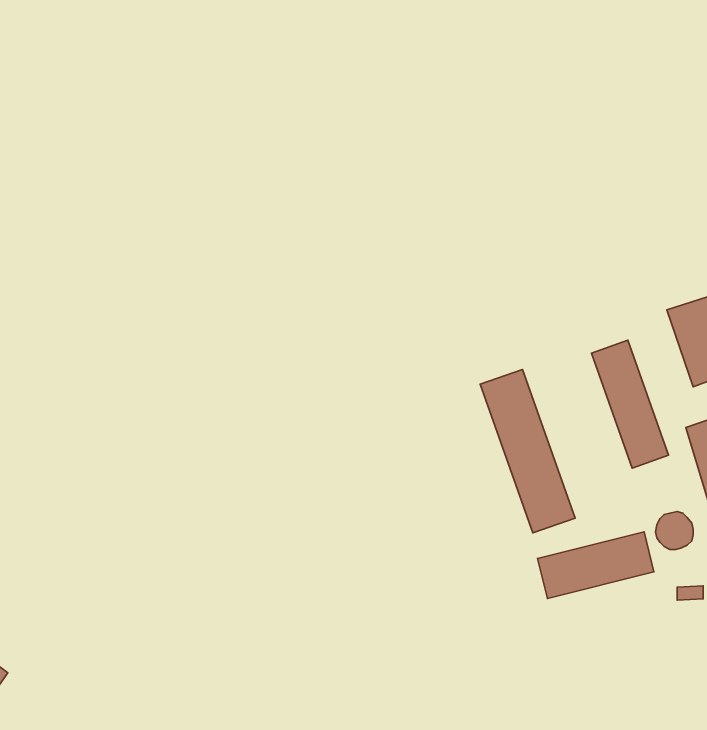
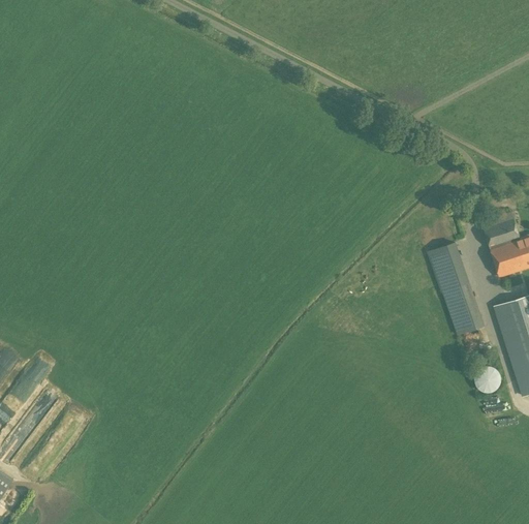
building: [480,370,575,533] -> none
building: [538,532,654,599] -> none

